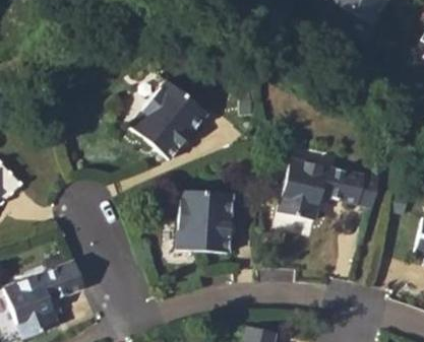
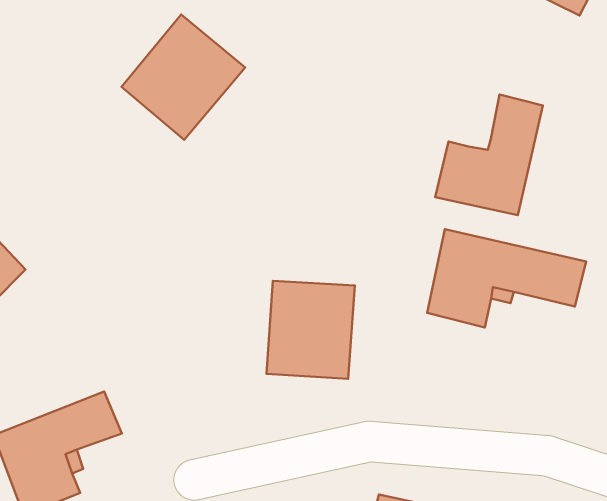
building: none -> [435,94,543,215]
building: [129,80,207,159] -> [122,14,245,140]

